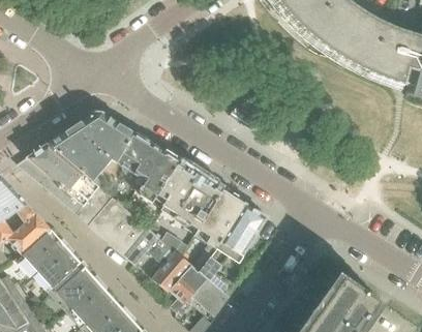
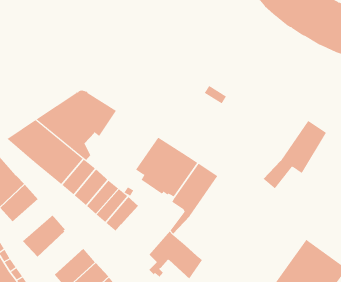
building: [117,135,180,203] -> none
building: [197,206,266,280] -> [263,120,327,189]
building: [19,231,66,276] -> none
building: [141,238,192,293] -> none
building: [50,266,99,312] -> none

